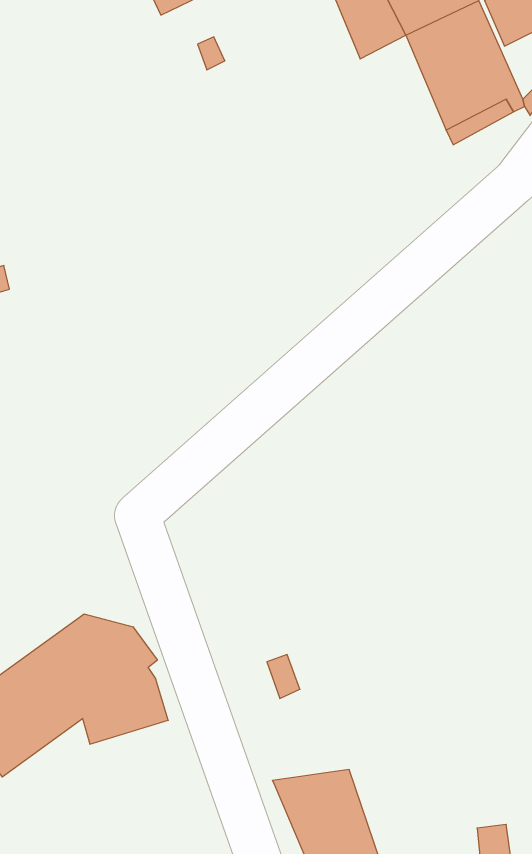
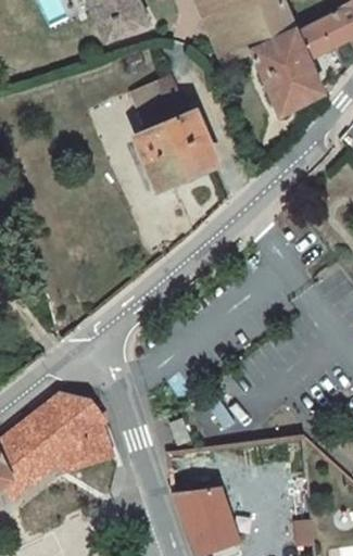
building: none -> [131,76,214,187]

